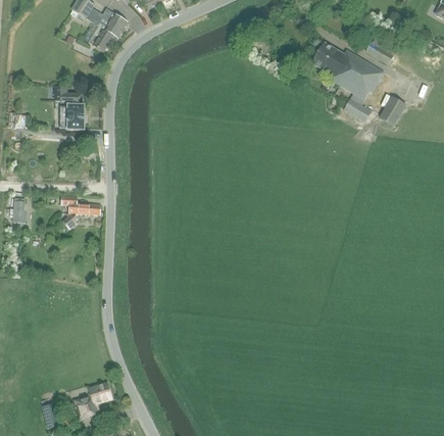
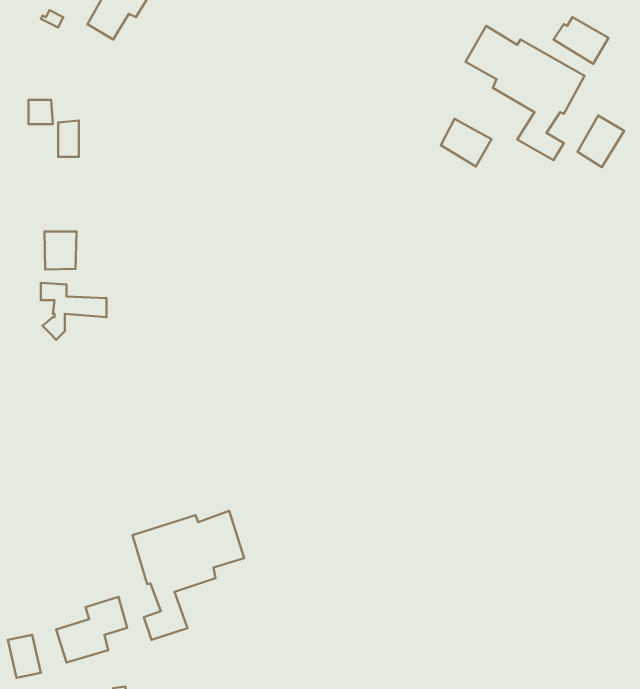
building: none -> [441,119,491,166]
building: none -> [44,232,77,270]
building: none -> [132,511,244,640]

